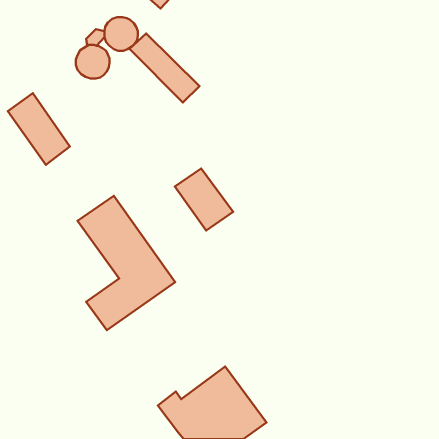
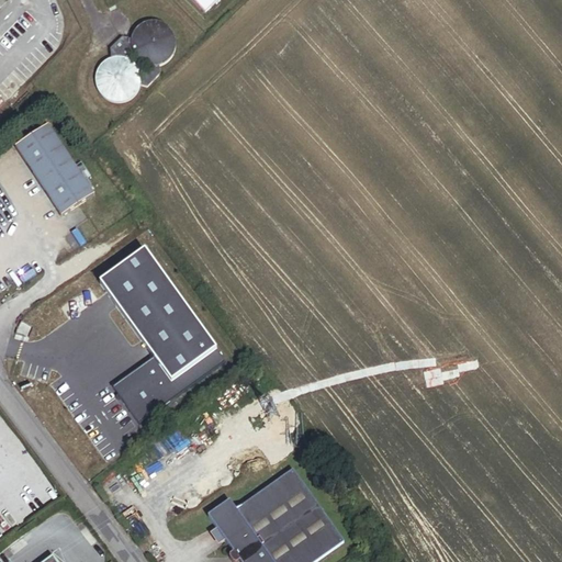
building: [129,33,200,102] -> none
building: [175,169,233,231] -> none

